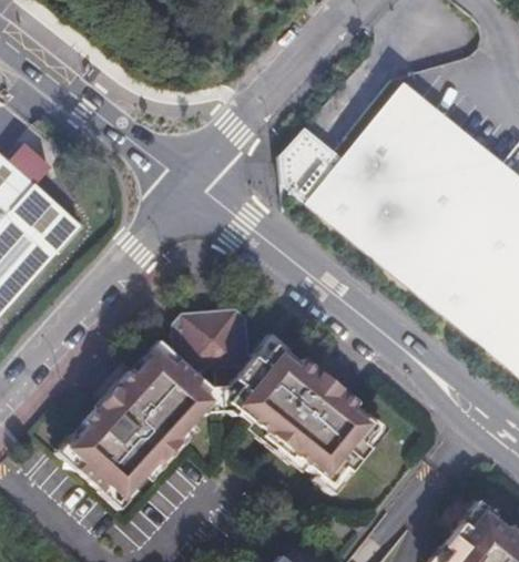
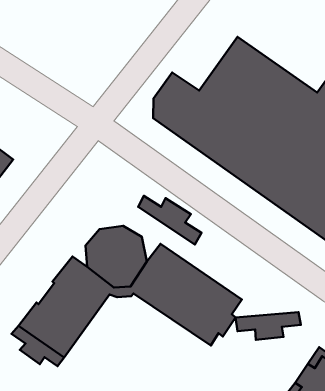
building: none -> [138,196,201,244]
building: none -> [235,312,301,340]

